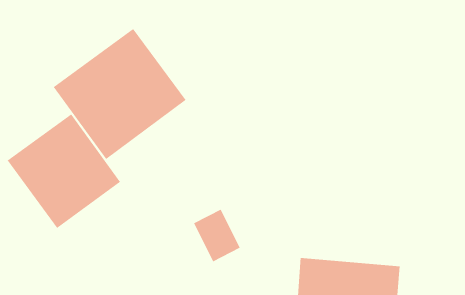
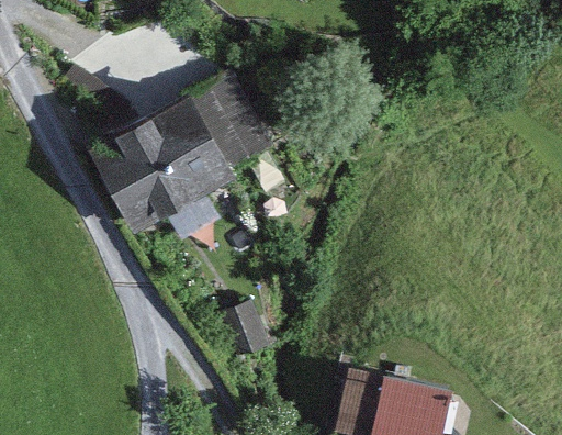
building: [7,114,121,229] -> none

